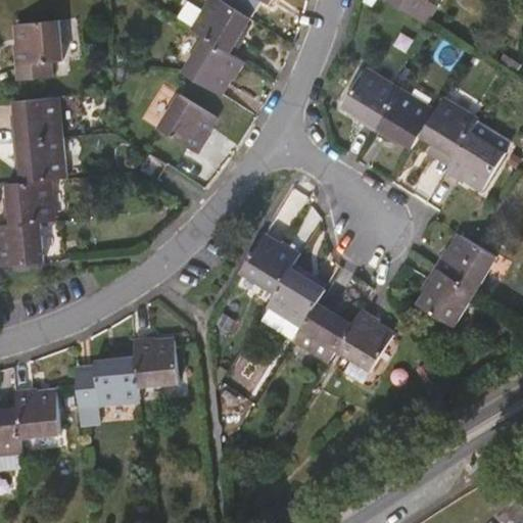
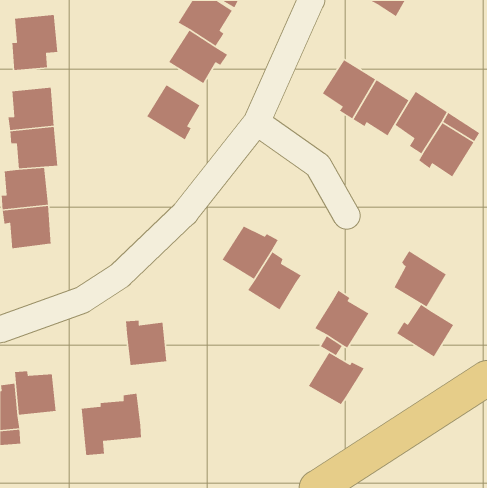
building: [437,236,500,293] -> [396,304,454,357]
building: [294,303,355,361] -> [308,352,365,405]
building: [75,356,140,424] -> [81,393,142,456]

